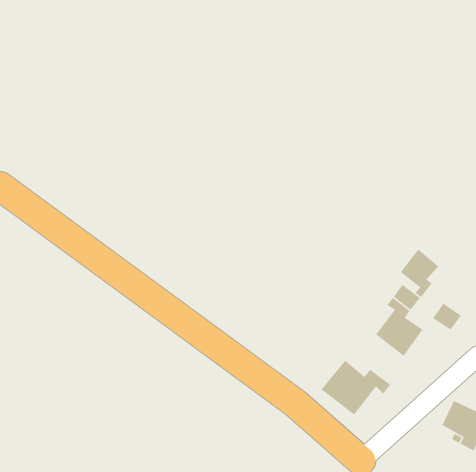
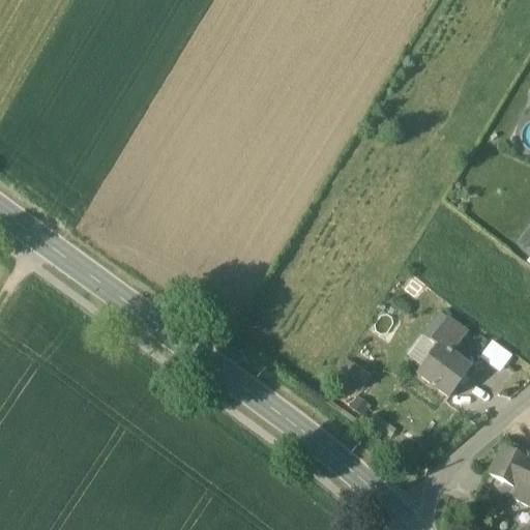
building: [400,249,439,298] -> none
building: [321,359,391,416] -> none

